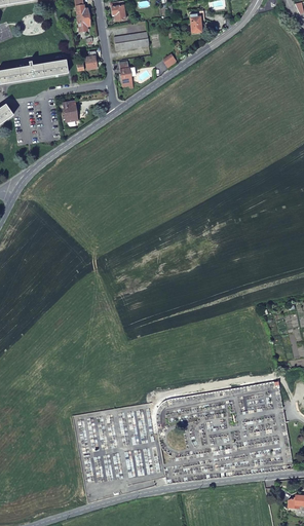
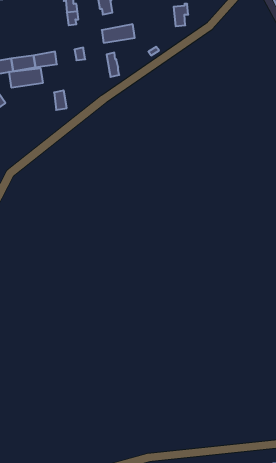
building: none -> [9,68,43,88]

